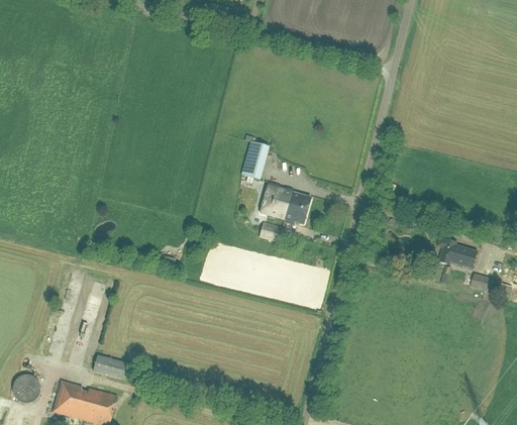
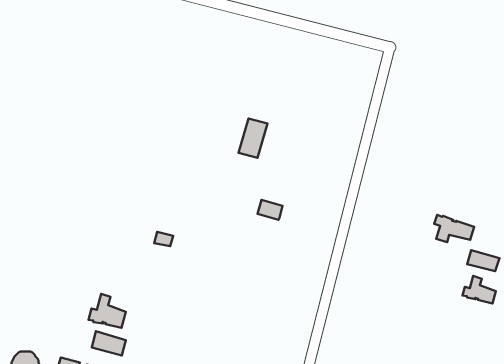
building: [261,183,310,224] -> none
building: none -> [463,276,496,303]
building: none -> [89,294,126,328]

